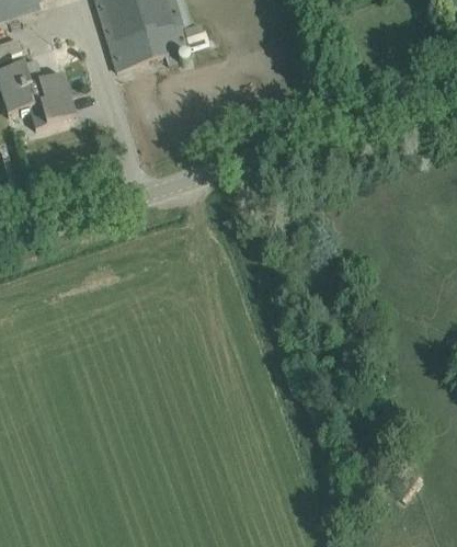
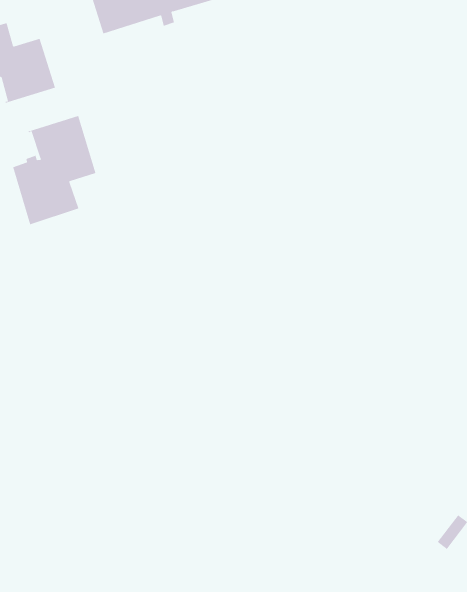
building: none -> [12,115,96,225]

